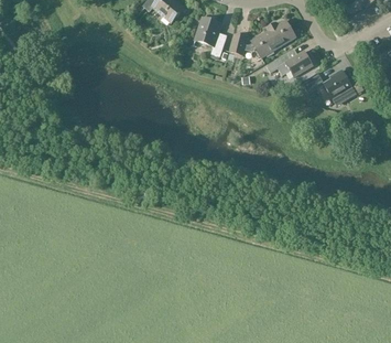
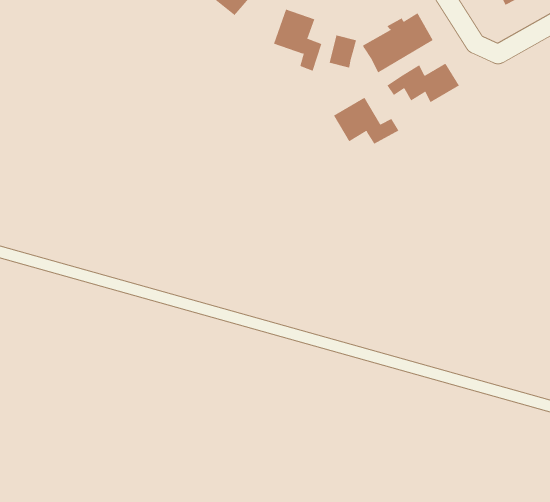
building: [324,69,363,98] -> none
building: none -> [333,97,399,144]

